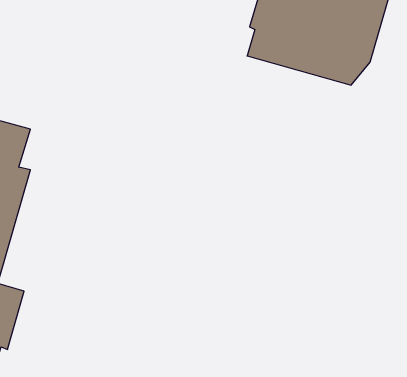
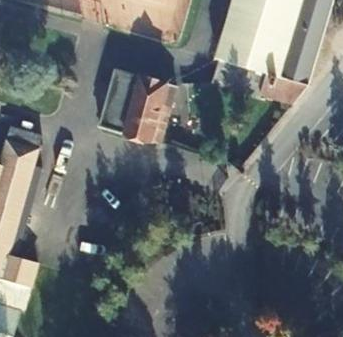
building: none -> [99,69,178,143]

